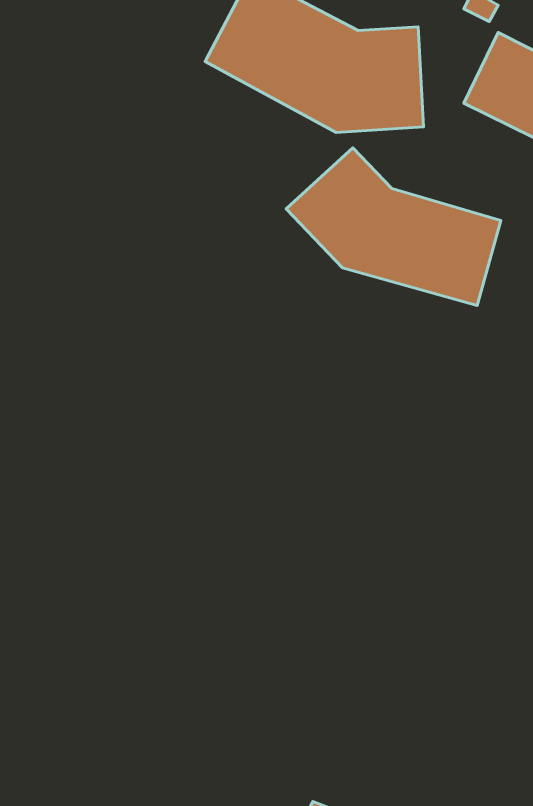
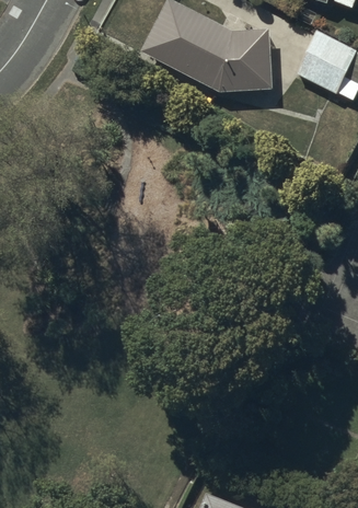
building: [286,148,501,305] -> none

